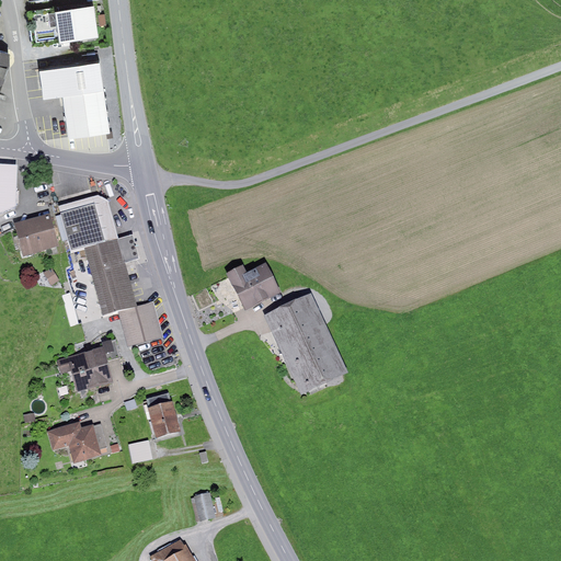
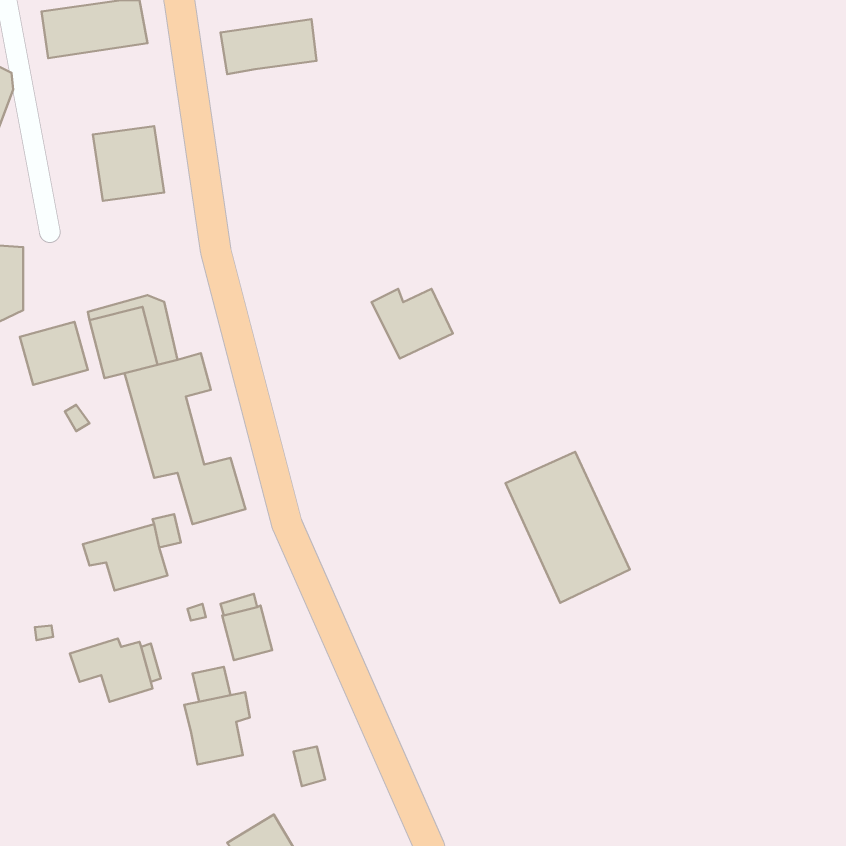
building: [38,57,102,93] -> [220,19,317,74]
building: [226,264,279,310] -> [372,289,453,359]
building: [264,295,346,394] -> [506,452,630,603]
building: none -> [184,692,250,765]

